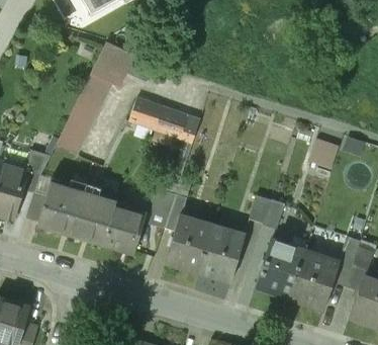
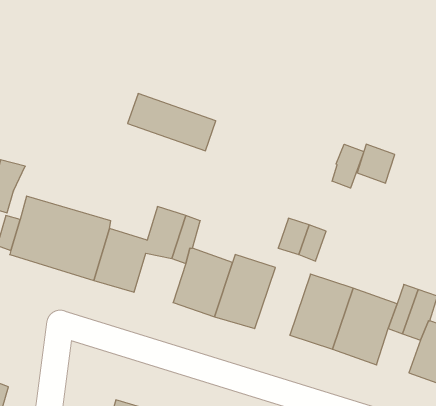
building: [58,41,157,153] -> none
building: none -> [332,144,364,188]

